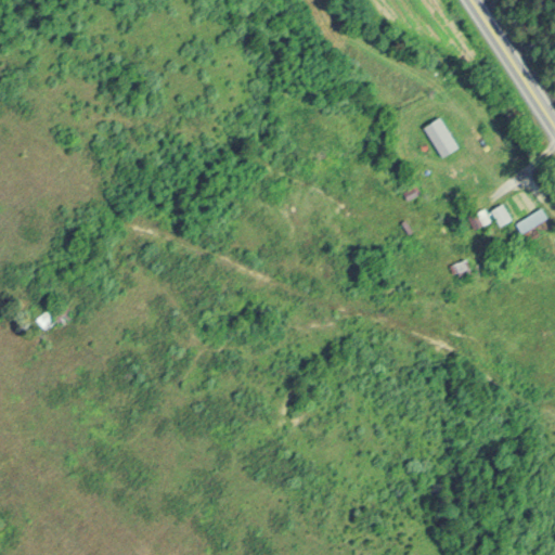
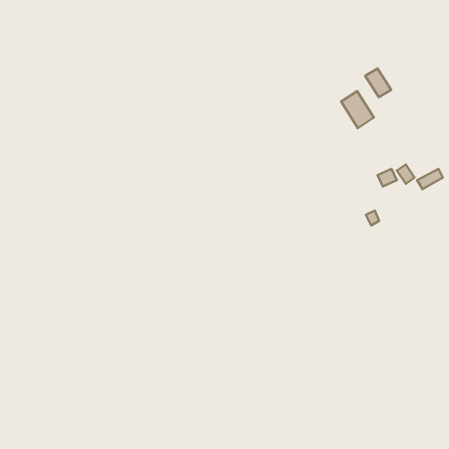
building: none -> [365,69,391,97]

